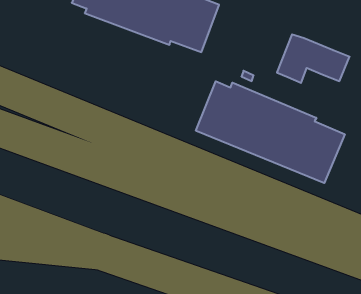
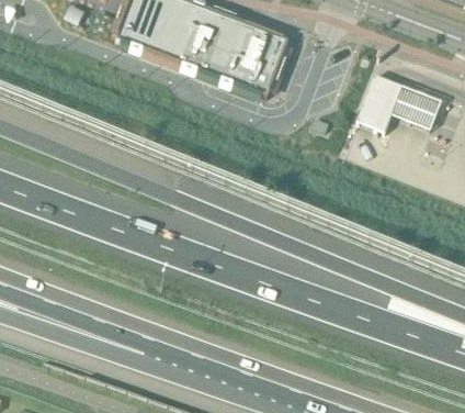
building: [196,81,345,183] -> none

